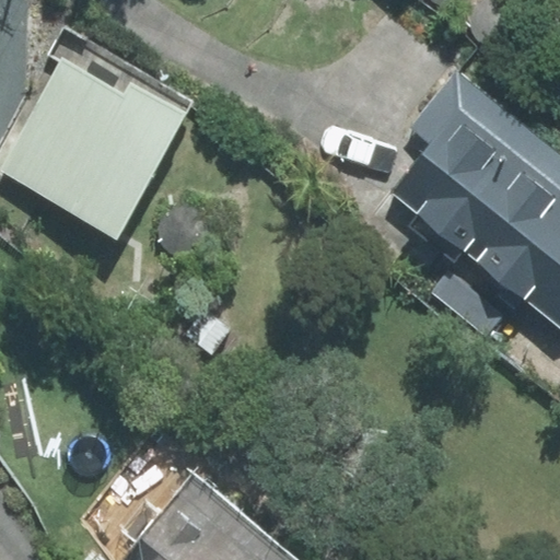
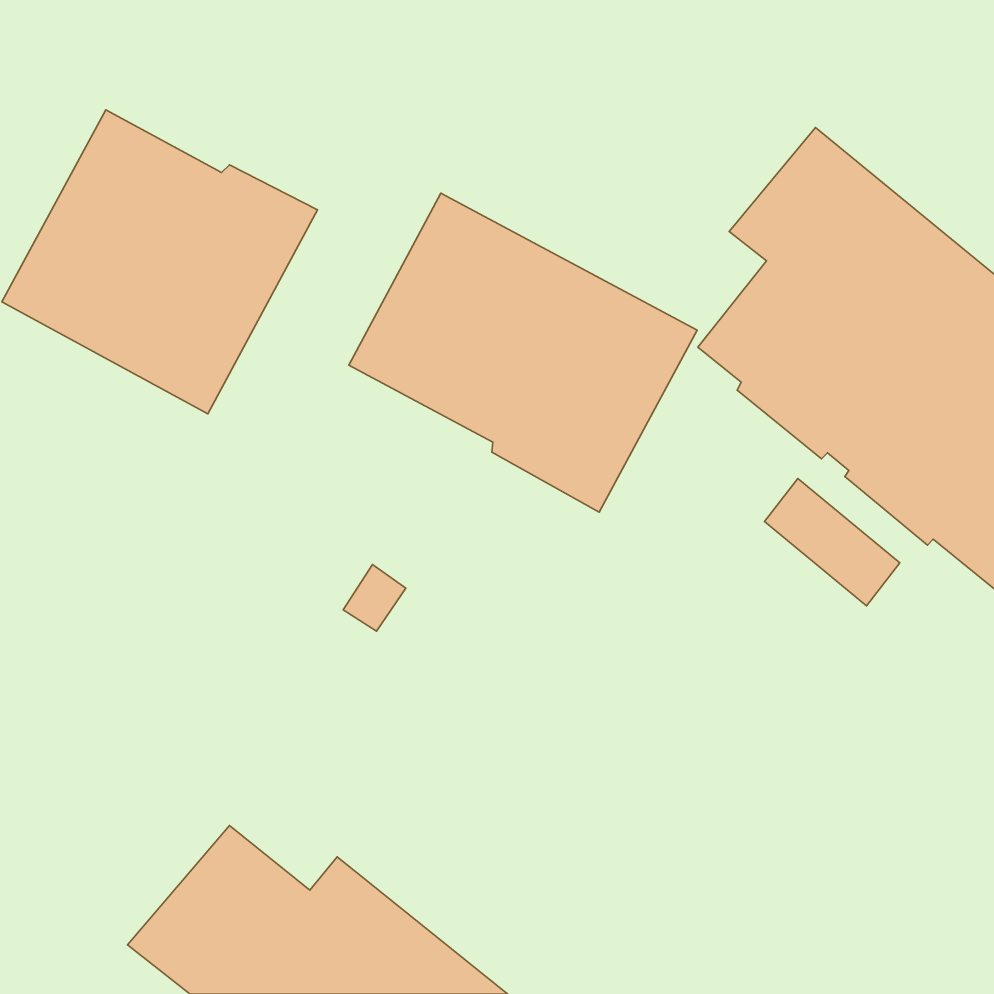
building: none -> [349,193,697,512]

